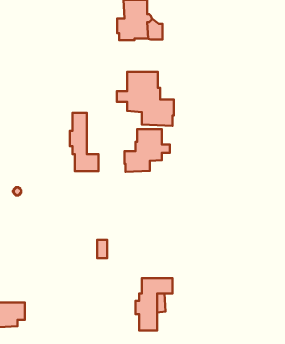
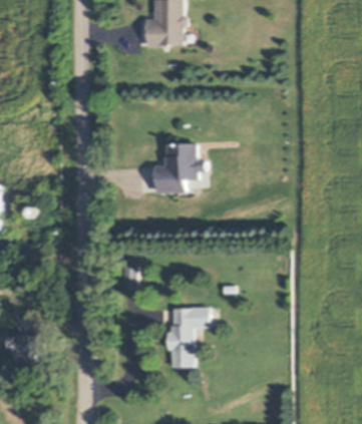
building: [117,72,174,126] -> none
building: [70,113,99,171] -> none

